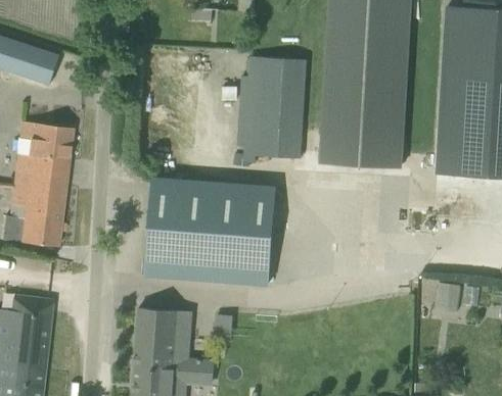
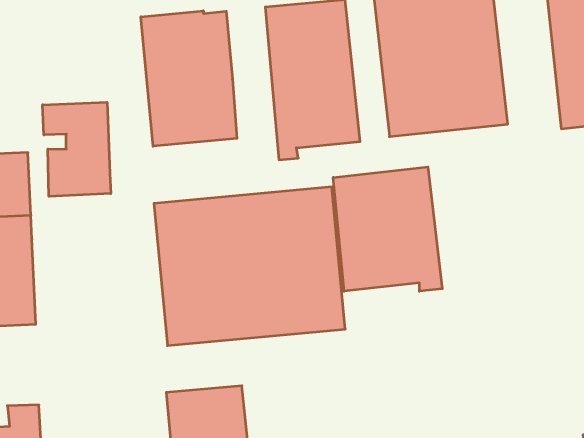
building: none -> [141,11,237,146]
building: none -> [43,102,111,196]
building: none -> [333,167,442,291]

